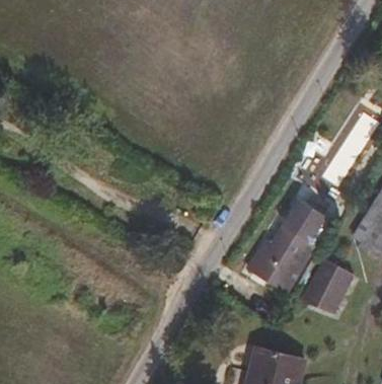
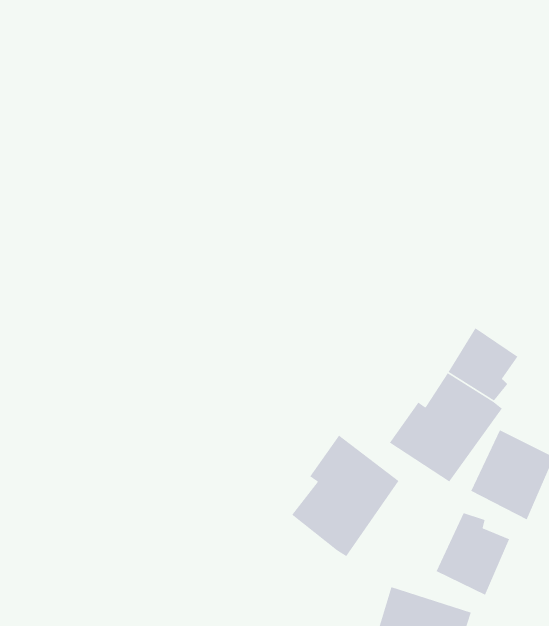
building: none -> [291,435,400,557]
building: none -> [435,512,510,596]

